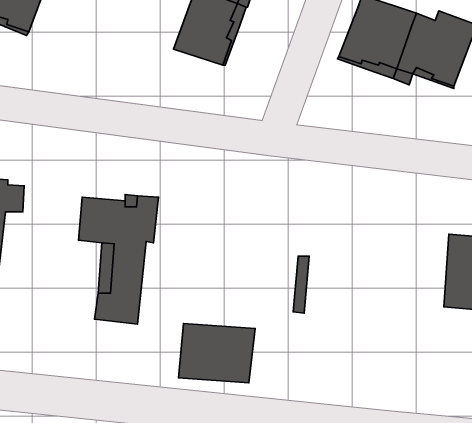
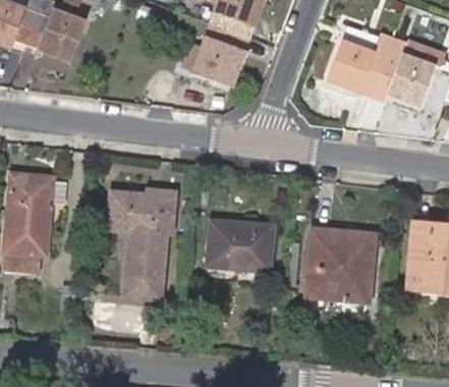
building: none -> [308,230,375,300]
building: [178,324,255,383] -> [210,221,273,270]

